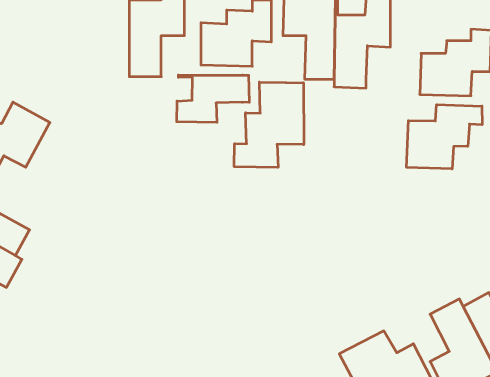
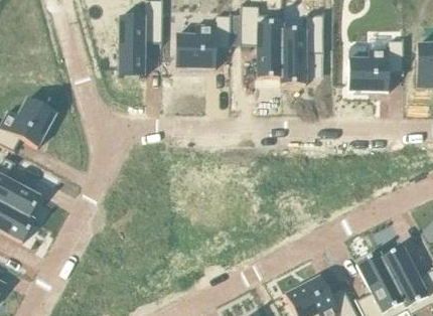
building: [177,75,249,122] -> none
building: [234,82,304,167] -> none
building: [407,105,482,169] -> none

